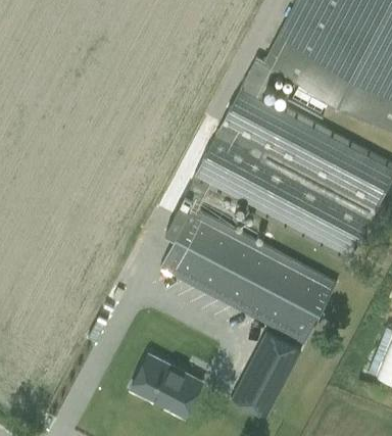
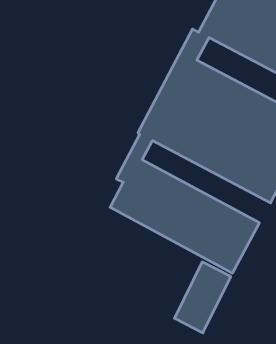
building: [131,355,201,417] -> none

